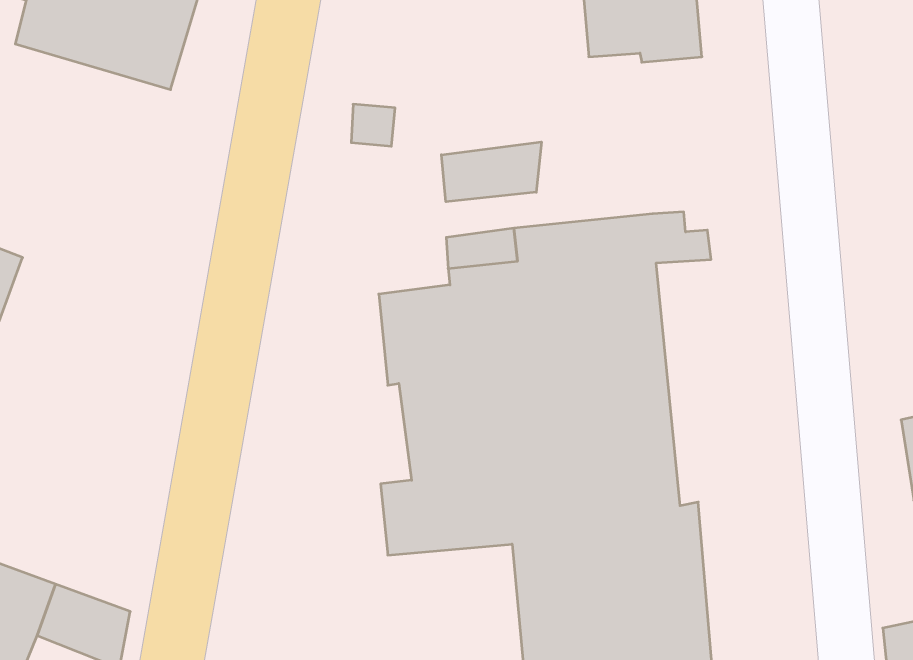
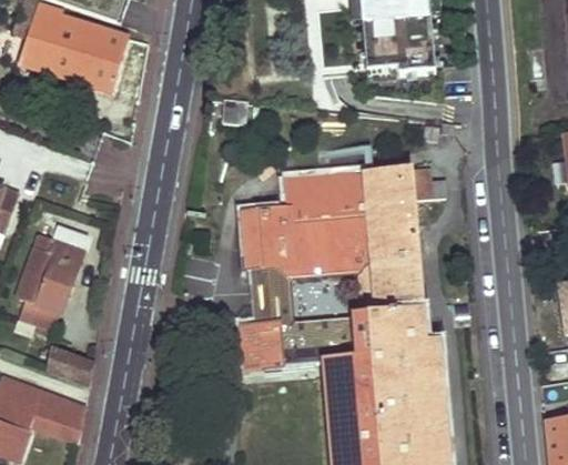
building: [441,142,541,202] -> none
building: none -> [18,224,88,328]
building: none -> [52,347,97,384]

